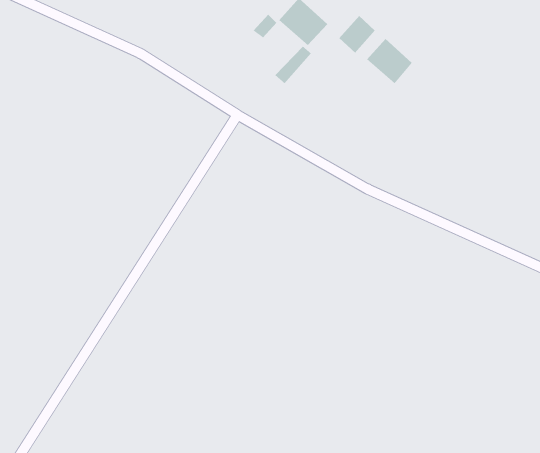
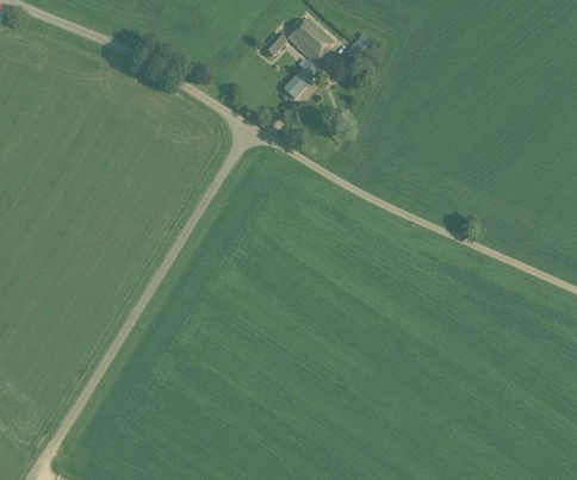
building: [366,38,412,84] -> none

